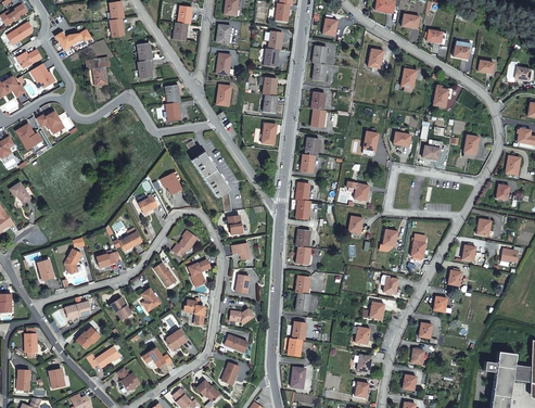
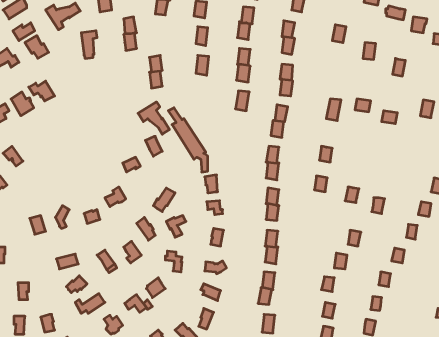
building: none -> [138,102,169,134]

